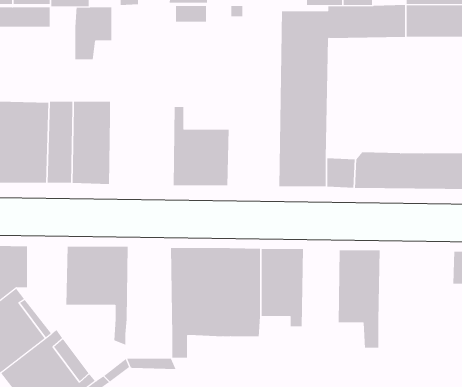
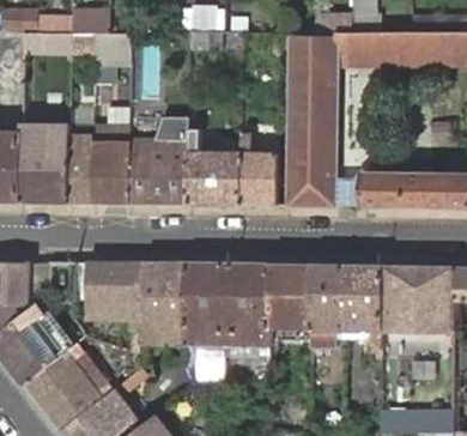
building: none -> [128,119,189,205]
building: none -> [241,133,279,206]
building: none -> [144,262,187,347]
building: none -> [311,265,346,346]
building: none -> [384,266,455,334]

